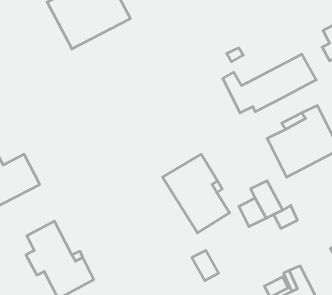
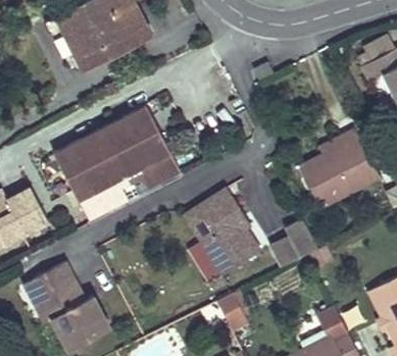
building: [223,54,316,113] -> none
building: none -> [51,110,180,221]

